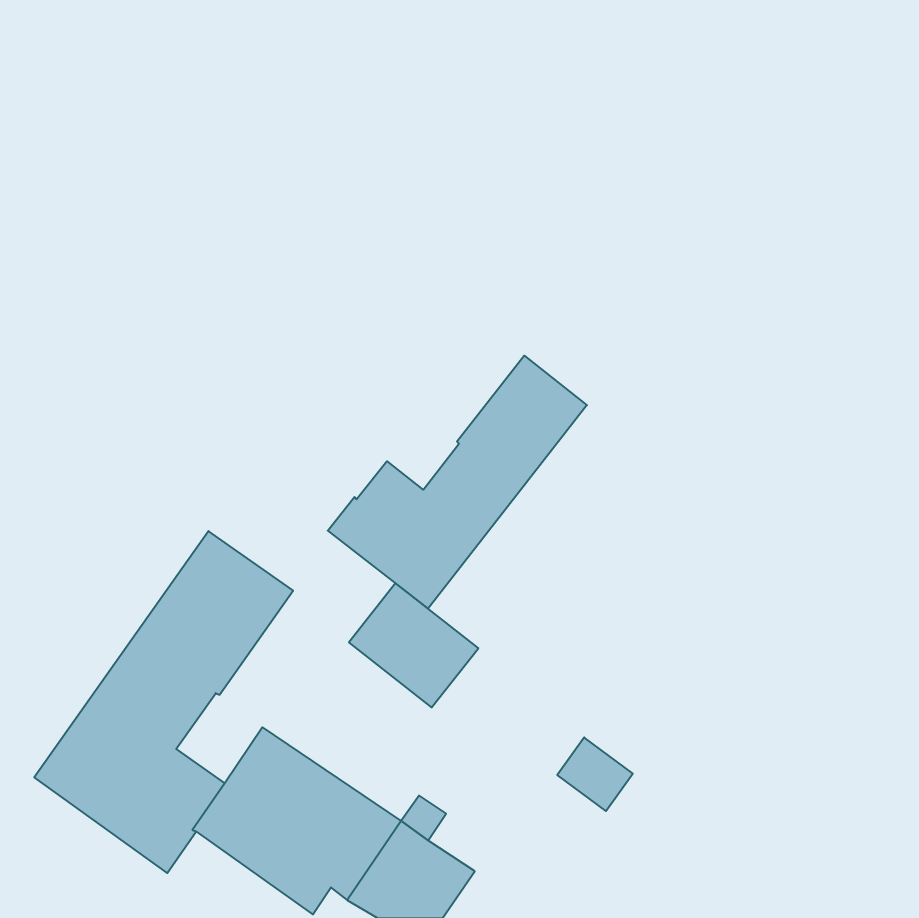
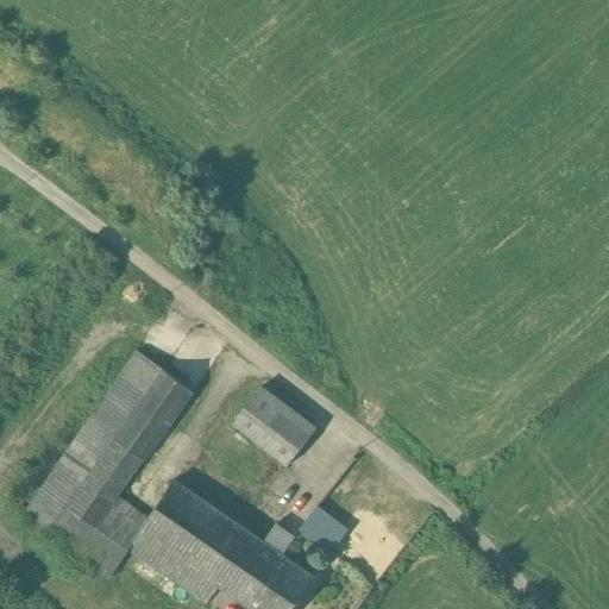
building: [328,356,587,608] -> none
building: [557,737,633,811] -> [299,506,349,554]

